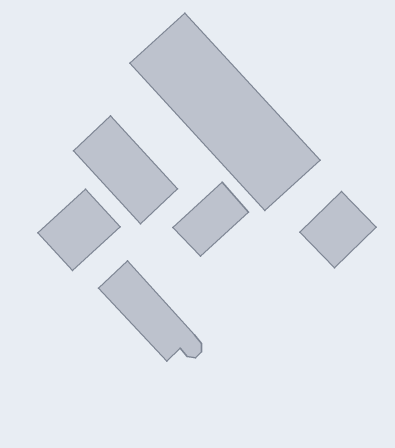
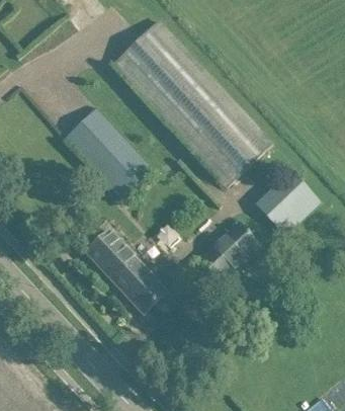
building: [173,182,248,256] -> [197,221,261,283]
building: [38,189,120,271] -> none

